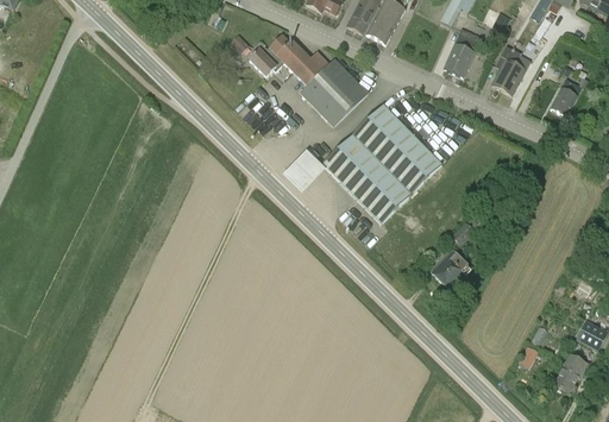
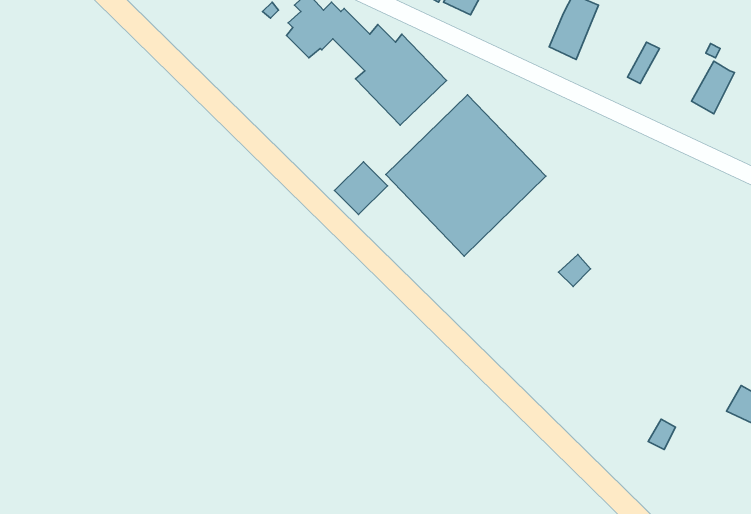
building: [491,46,521,90] -> none
building: [431,251,471,290] -> none
building: [553,354,588,393] -> none

